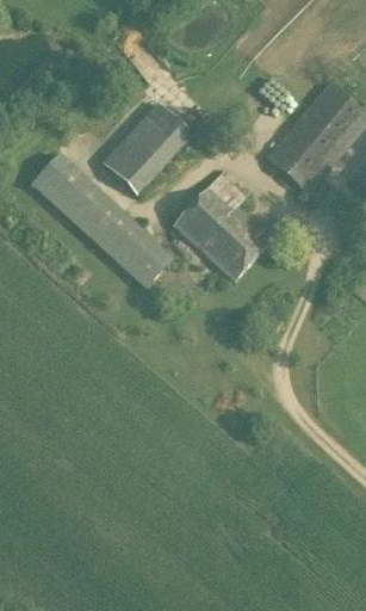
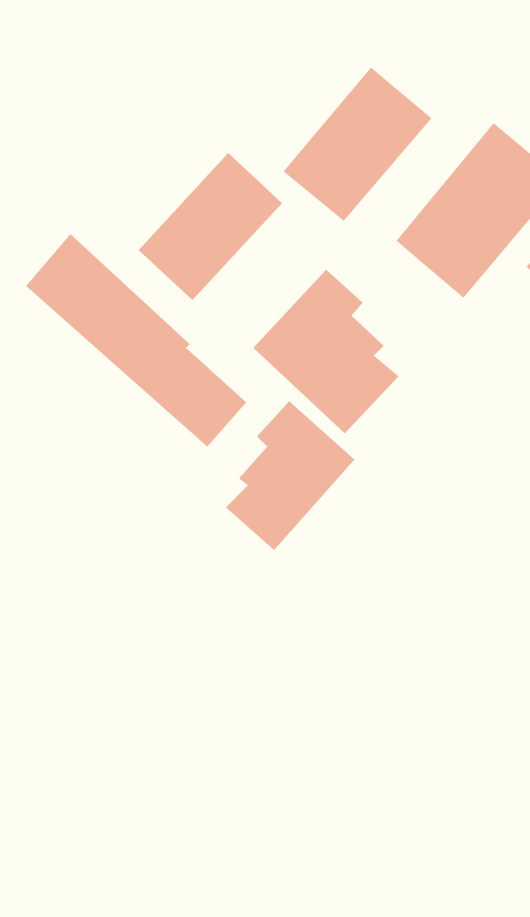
building: none -> [283,66,432,222]
building: none -> [225,401,355,551]

